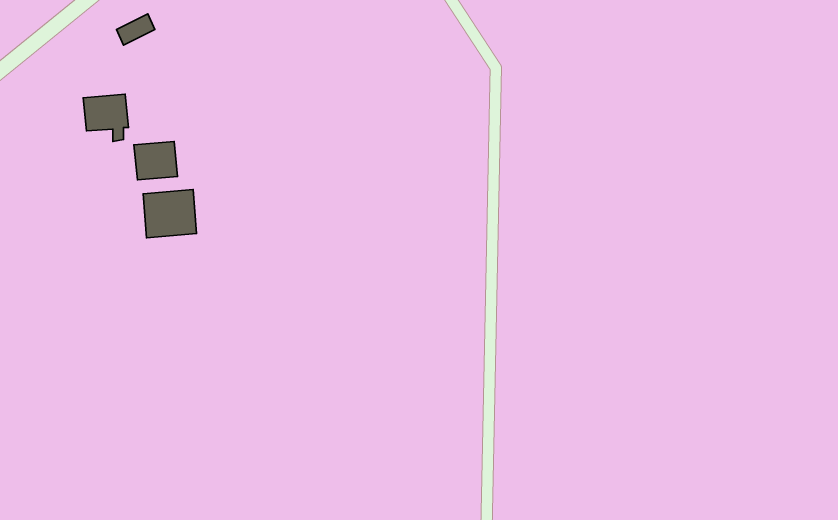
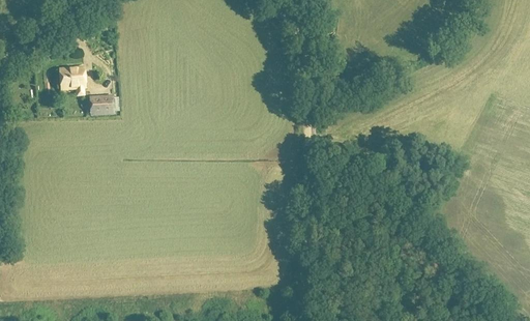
building: [143,189,197,238] -> none

